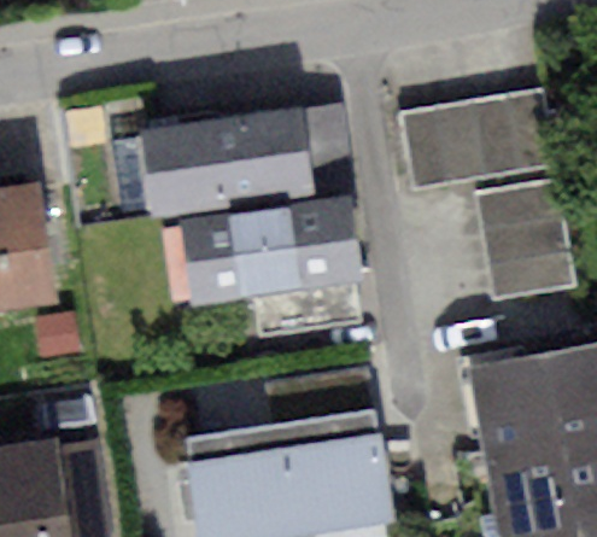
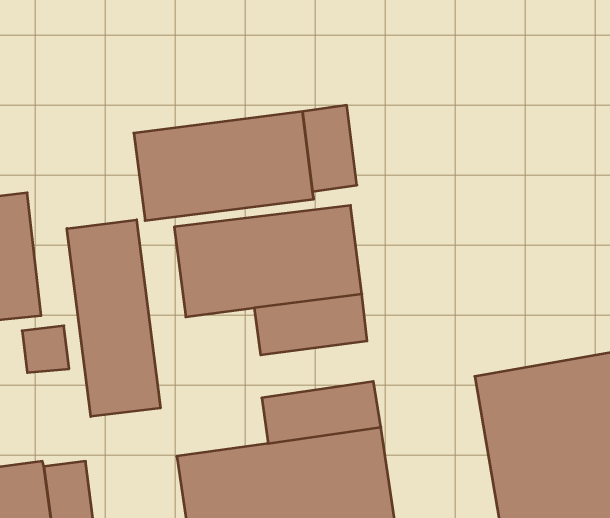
building: [397,89,554,186] -> none
building: [476,183,576,300] -> none
building: none -> [67,220,160,417]

